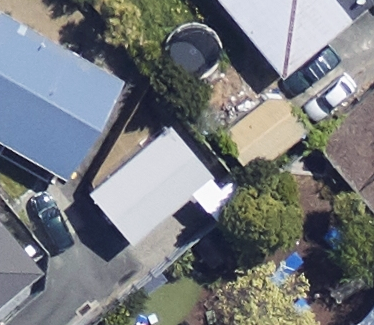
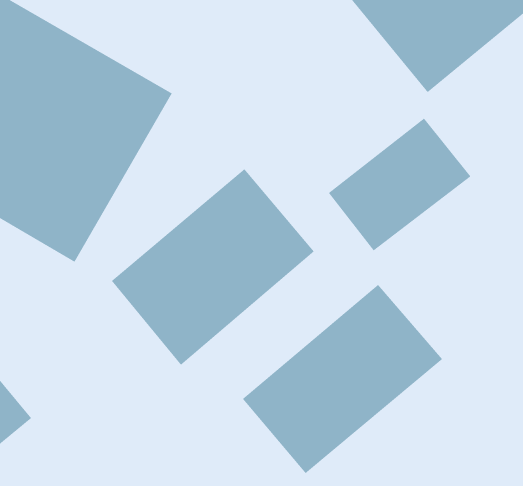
building: none -> [242,284,443,474]

